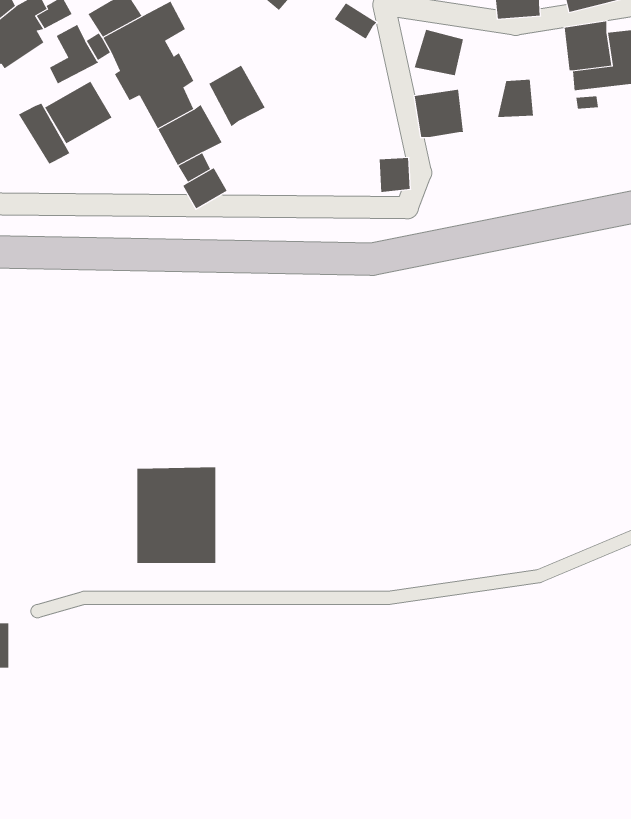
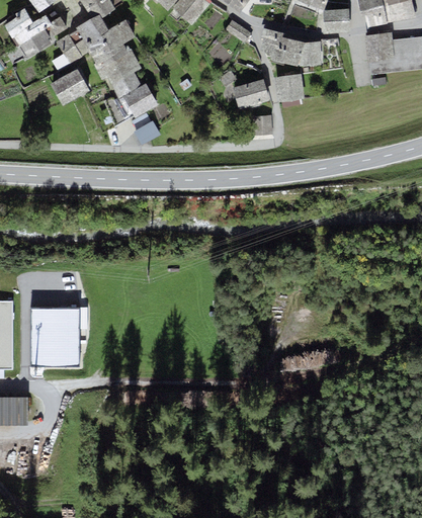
building: none -> [259,26,281,59]
building: [208,65,265,127] -> none
building: [497,79,534,117] -> [299,40,321,64]
building: none -> [231,77,268,107]
building: [18,103,70,164] -> none
building: [136,467,216,564] -> [31,307,80,365]

